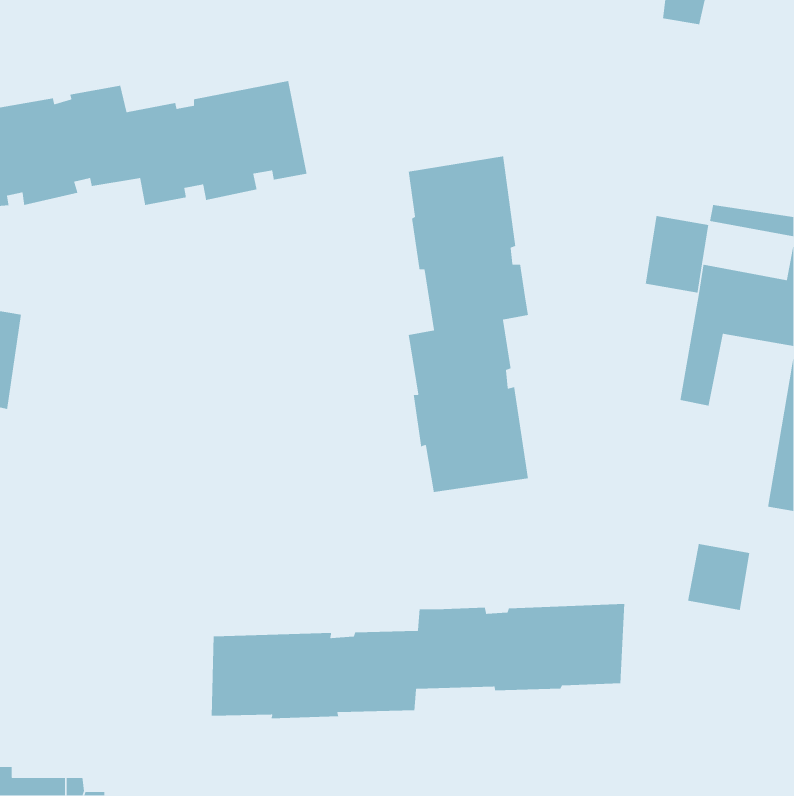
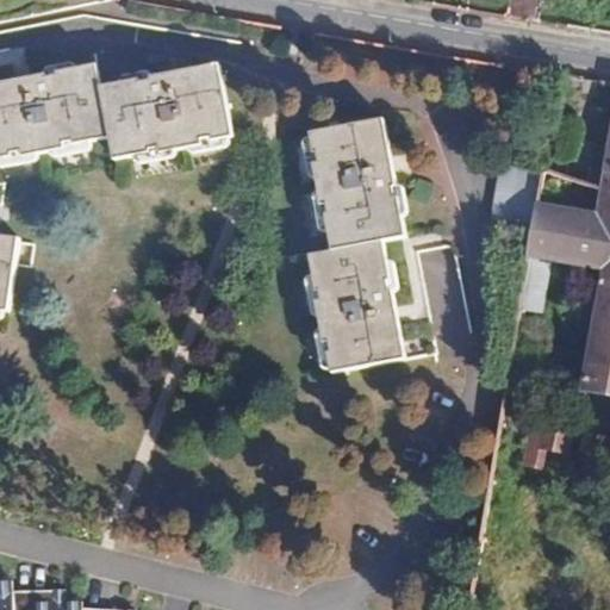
building: [211,603,625,719] -> none

